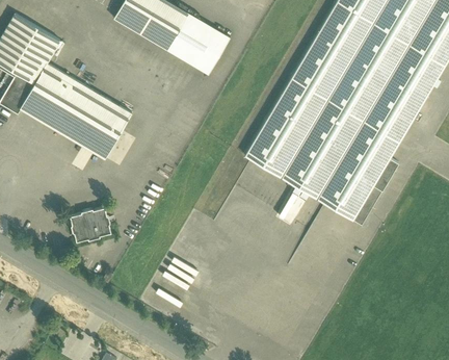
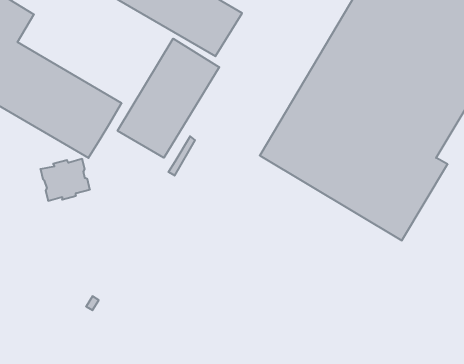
building: none -> [118,39,219,158]
building: [71,208,111,242] -> [40,159,90,201]

